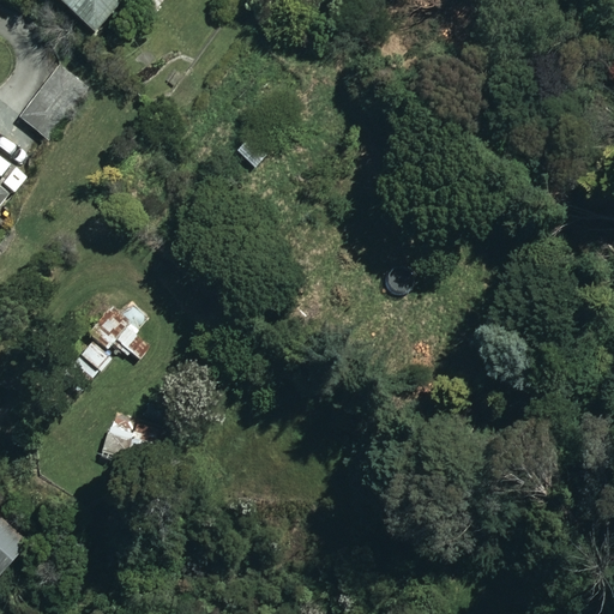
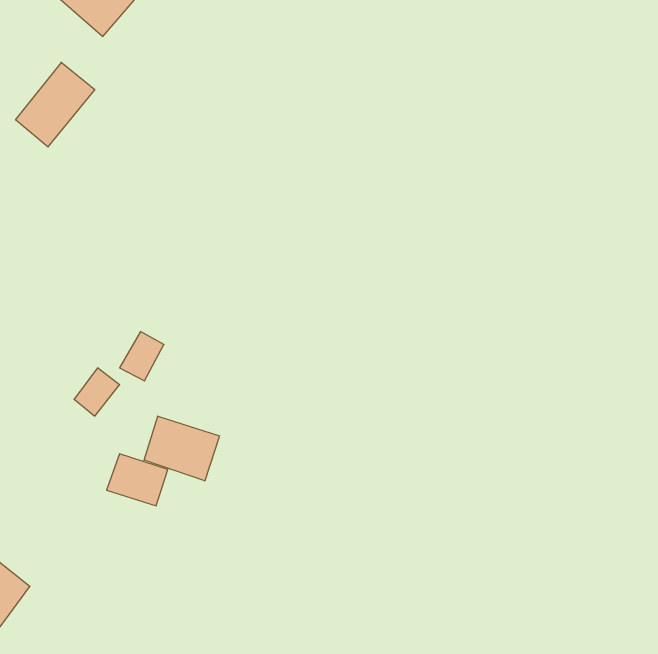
building: none -> [144,416,219,481]

